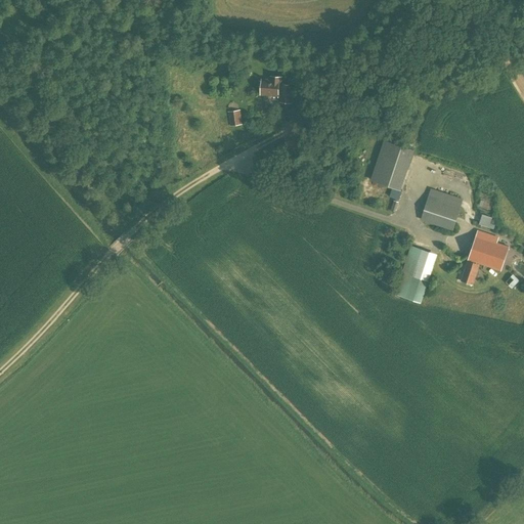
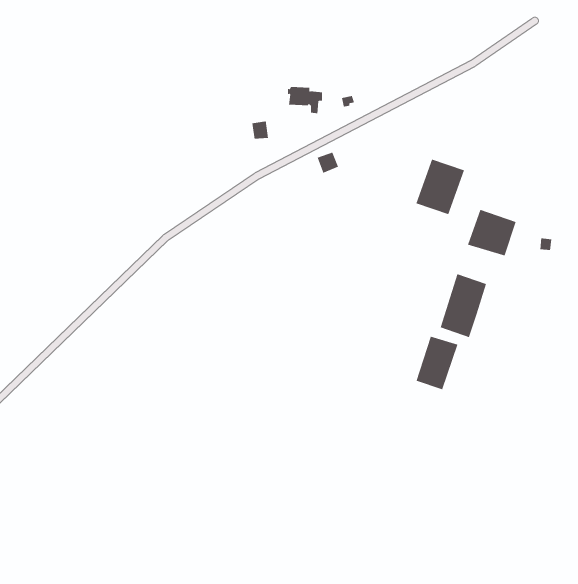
building: [460,229,508,285] -> none
building: none -> [416,336,458,390]

